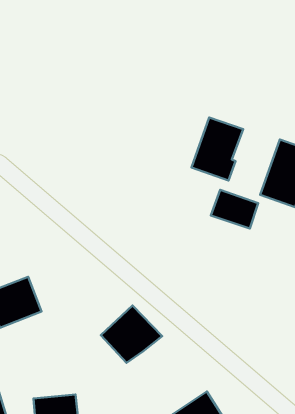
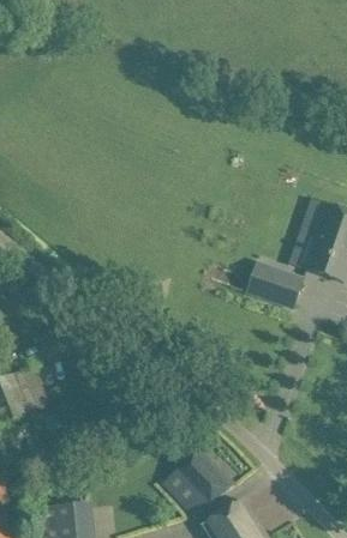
building: [191,117,243,180] -> none
building: [101,305,162,363] -> [162,447,234,514]

